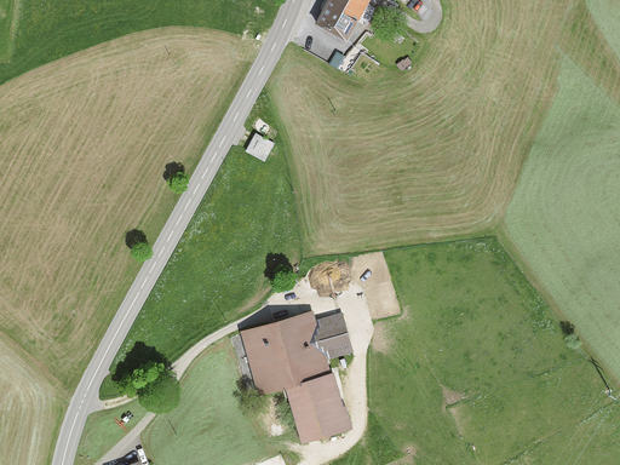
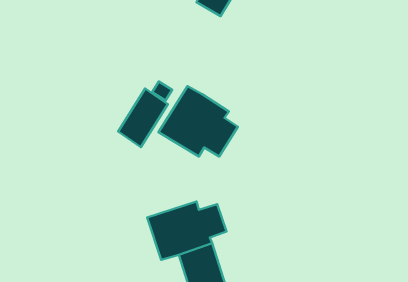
building: none -> [159,86,238,157]
building: none -> [118,89,168,147]

